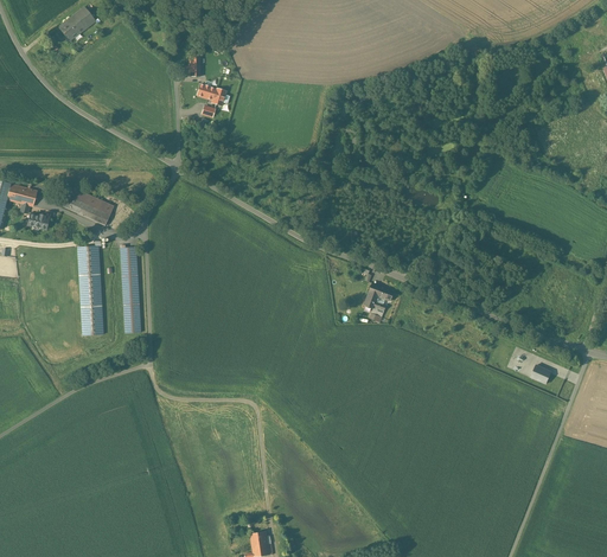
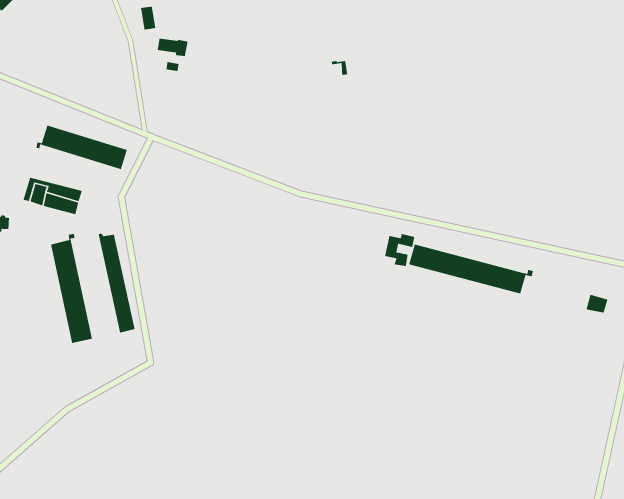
building: none -> [35,125,128,170]
building: none -> [408,243,534,294]

